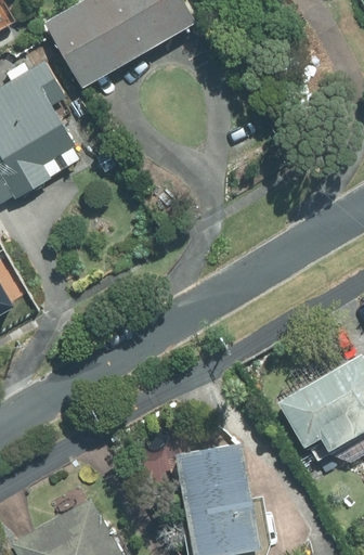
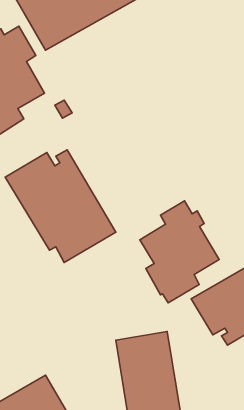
building: none -> [5,150,116,263]
building: none -> [140,201,219,303]

